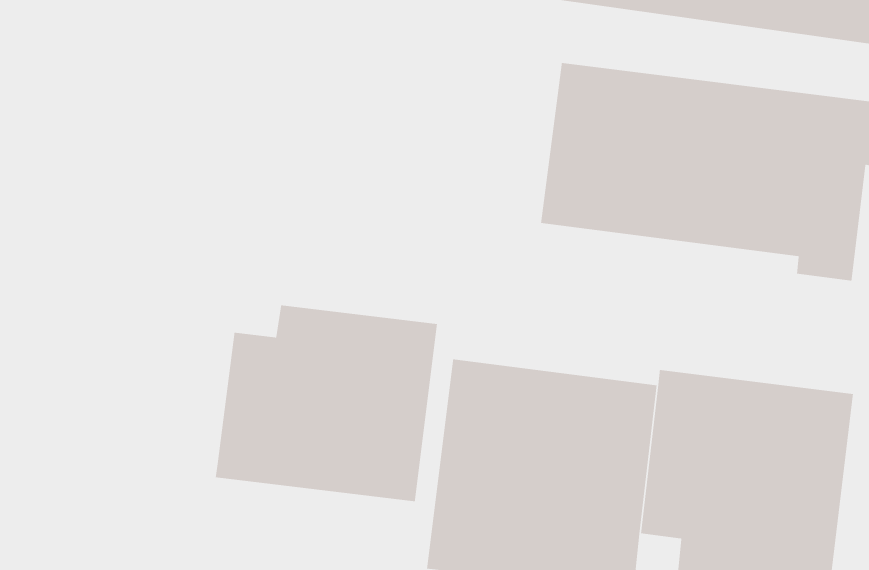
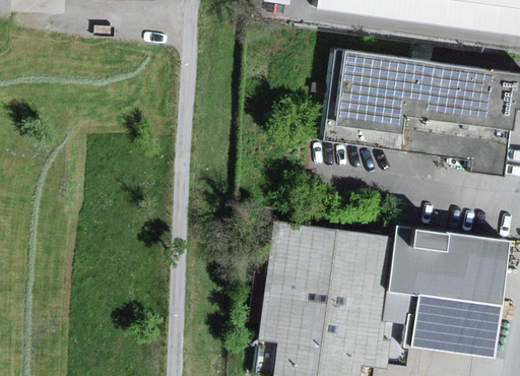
building: [215,304,438,502] -> none

